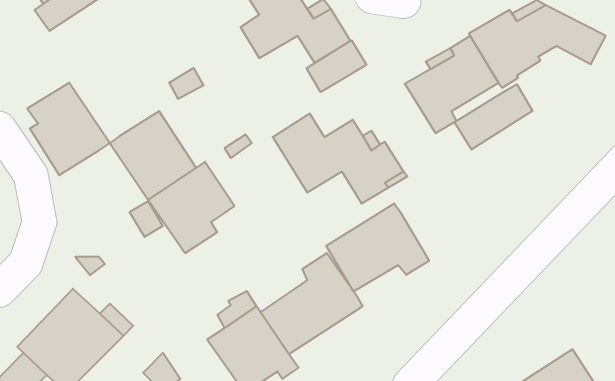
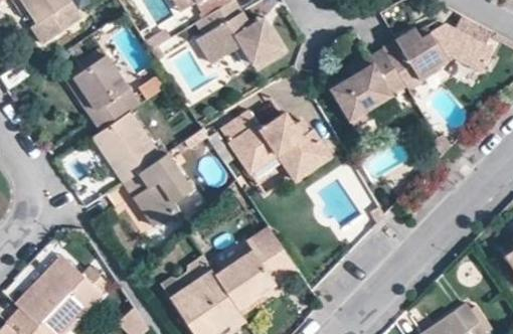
building: [307,40,366,92] -> none
building: [27,83,110,175] -> [72,54,140,130]
building: [454,84,533,150] -> none
building: [326,203,429,291] -> none

